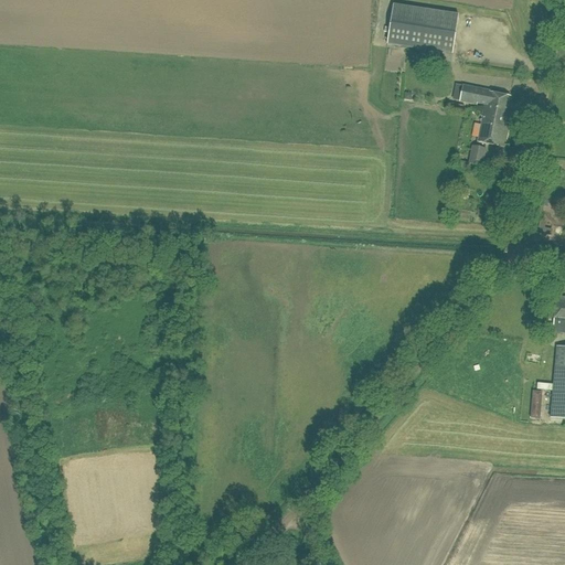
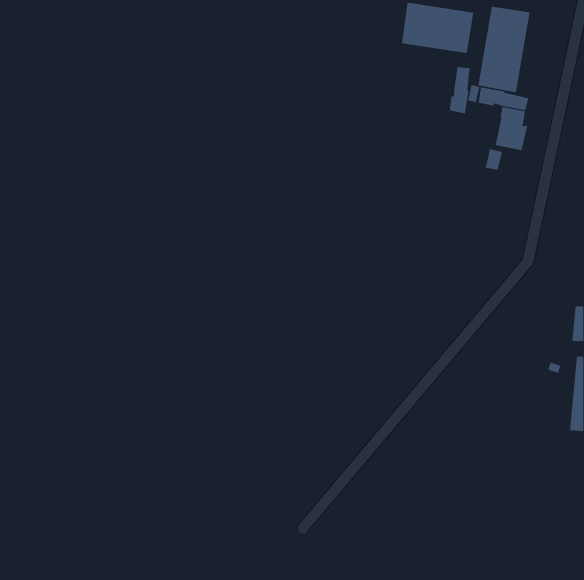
building: none -> [478,6,530,93]
building: none -> [449,66,470,114]

